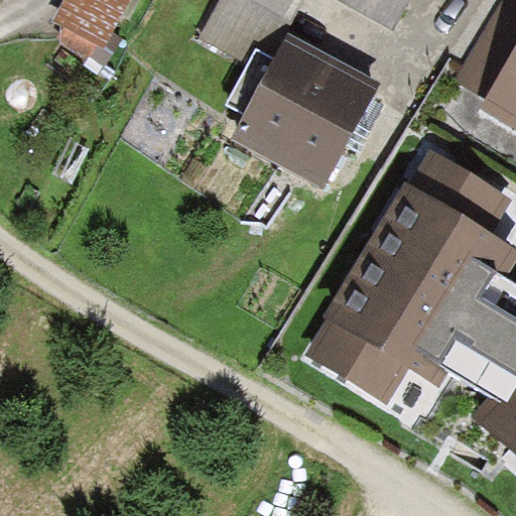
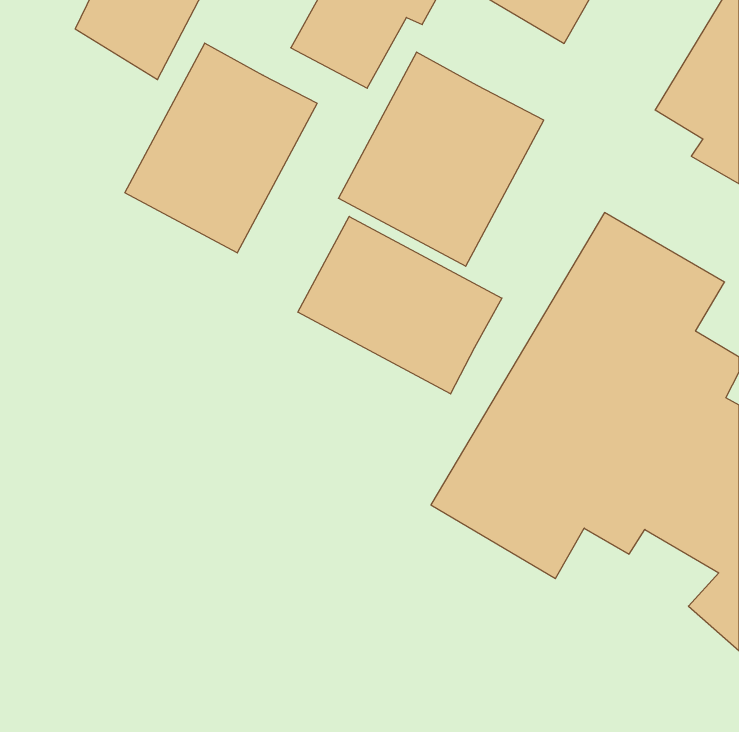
building: none -> [125,43,317,253]
building: none -> [298,216,502,394]

